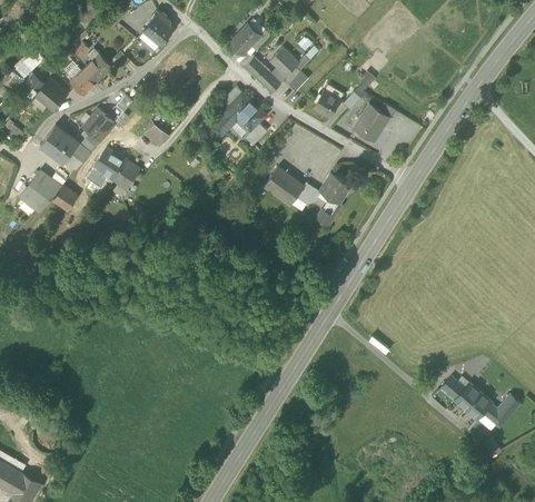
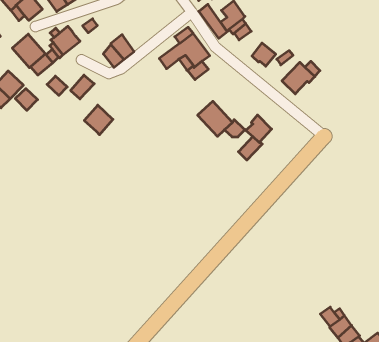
building: [93,147,126,180] -> [84,105,113,135]

